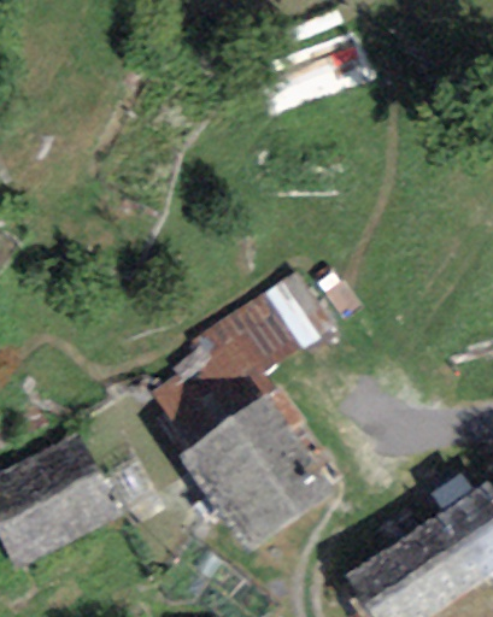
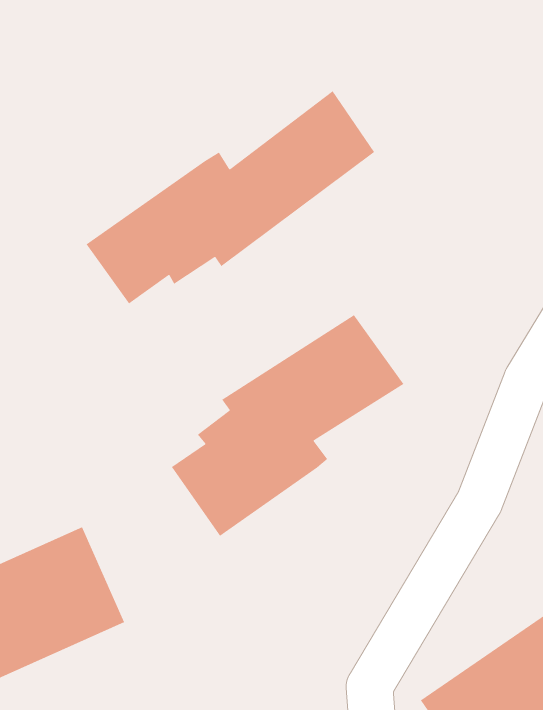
building: none -> [86,90,375,305]
building: [177,394,334,553] -> none

